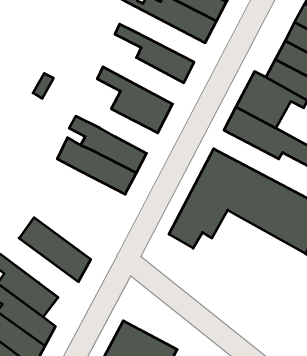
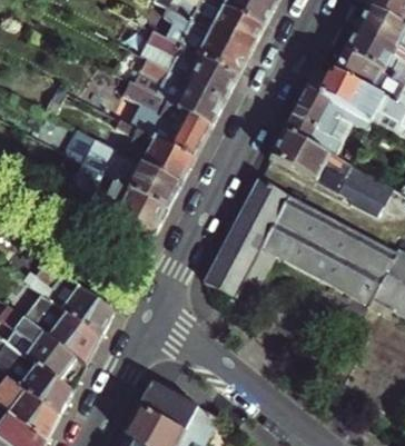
building: none -> [161,9,249,76]
building: none -> [137,58,224,126]
building: none -> [115,121,192,185]
building: none -> [17,284,98,365]

